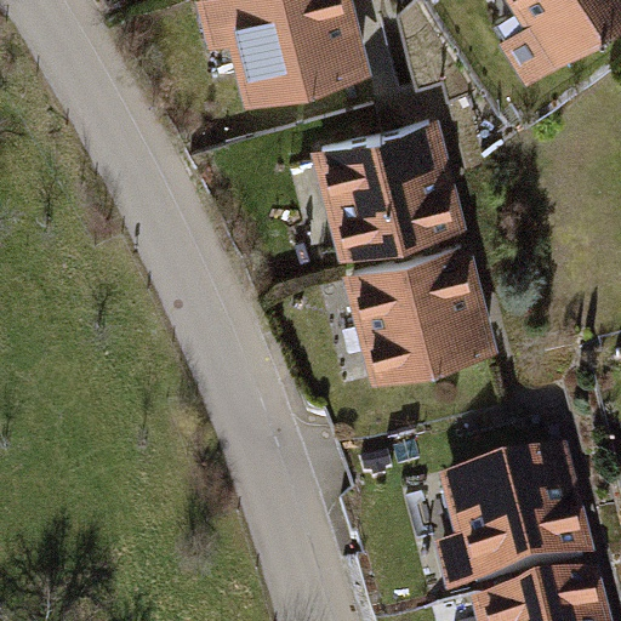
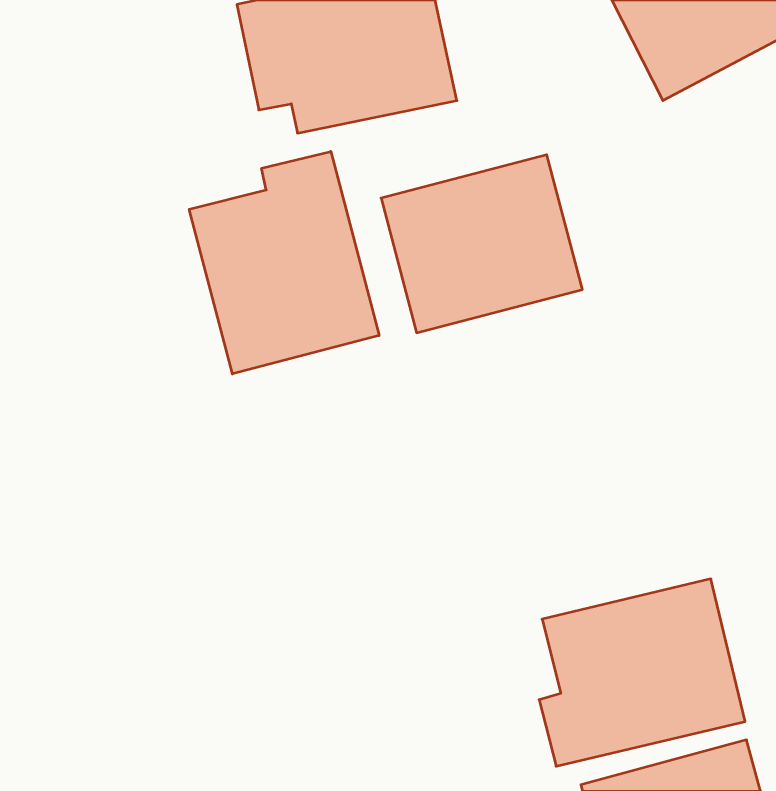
building: none -> [189,151,379,374]
building: [343,250,500,387] -> none

